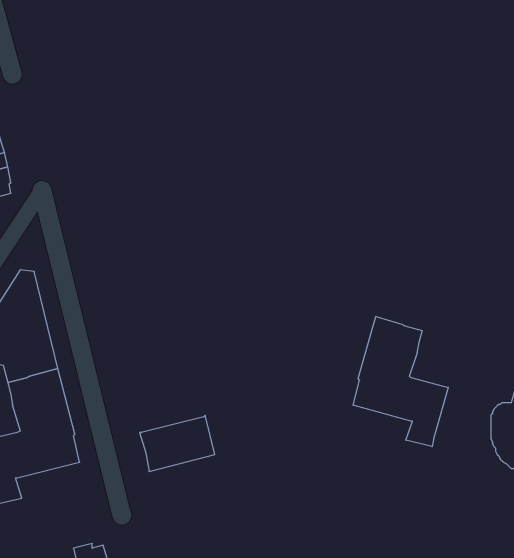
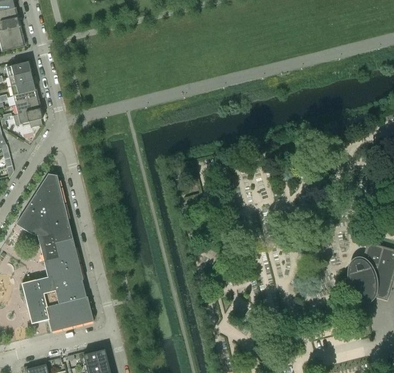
building: [353,316,448,447] -> none
building: [140,415,215,472] -> [45,296,93,332]

